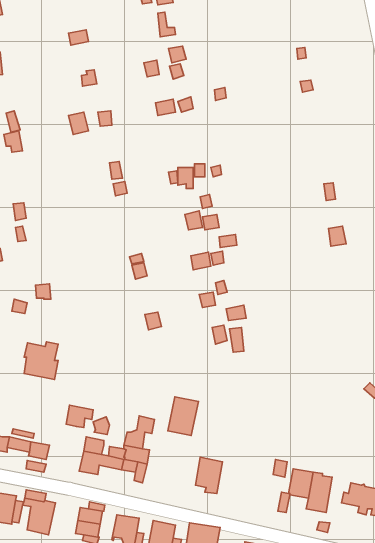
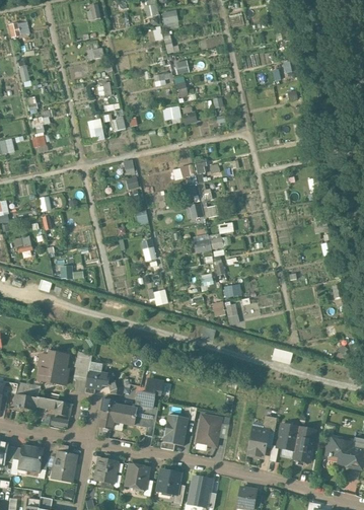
building: [24,342,58,379] -> [38,353,67,385]
building: [168,397,198,436] -> [162,413,189,446]
building: none -> [246,430,267,454]

